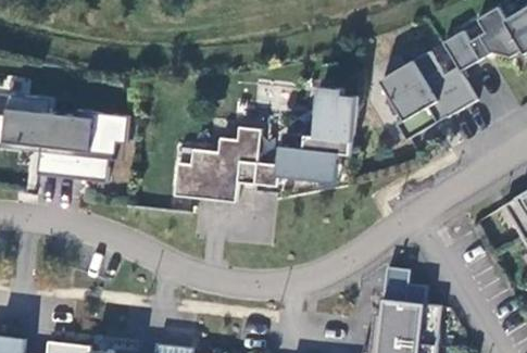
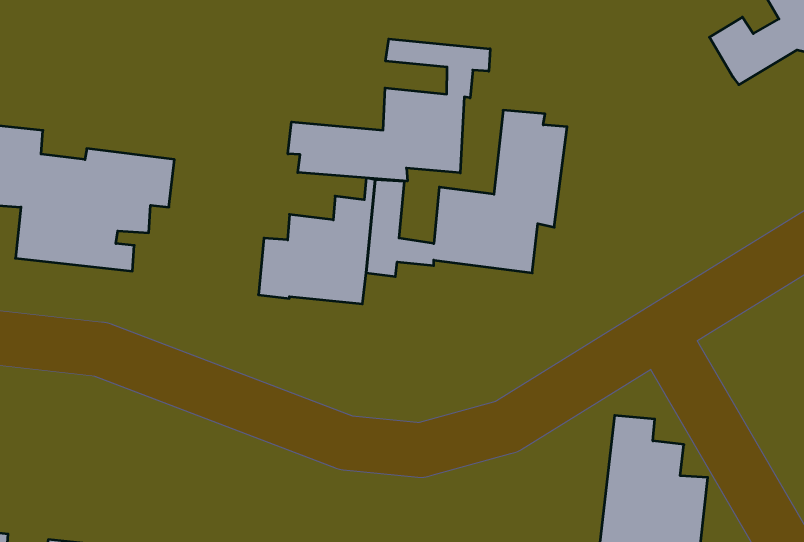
building: none -> [288,39,490,181]
building: [380,51,476,139] -> none

